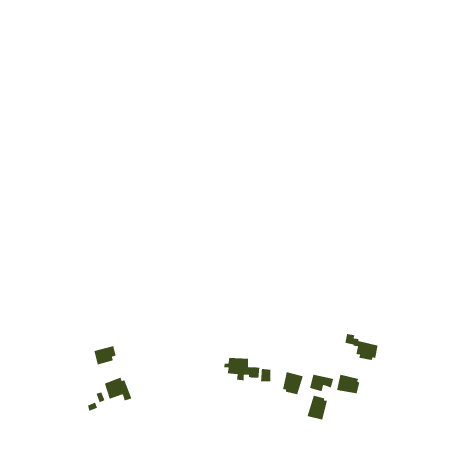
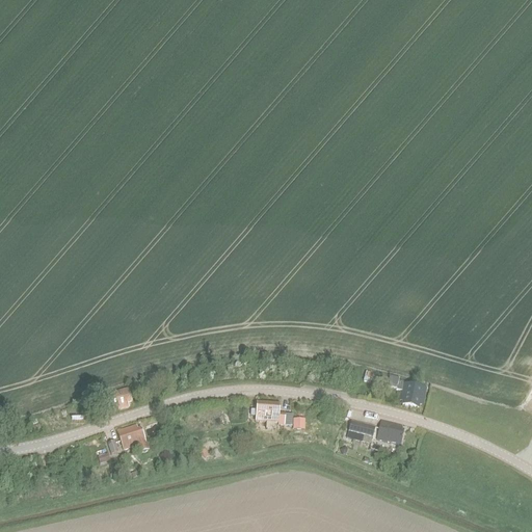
building: [282,371,304,395] -> none
building: [307,395,328,421] -> none

